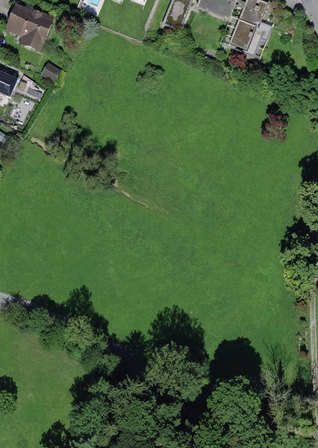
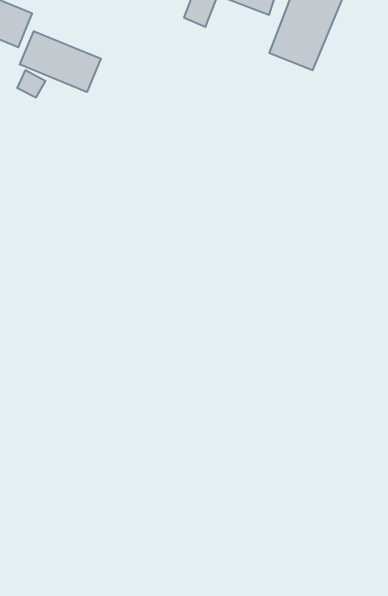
building: none -> [20,31,101,92]

